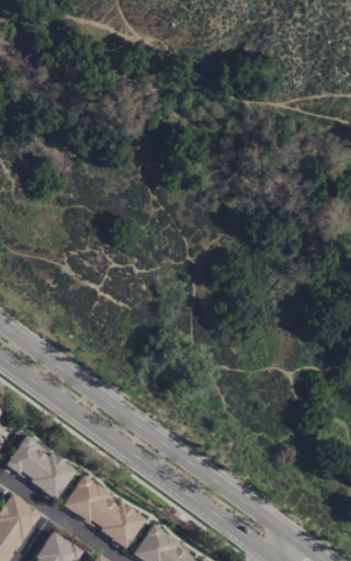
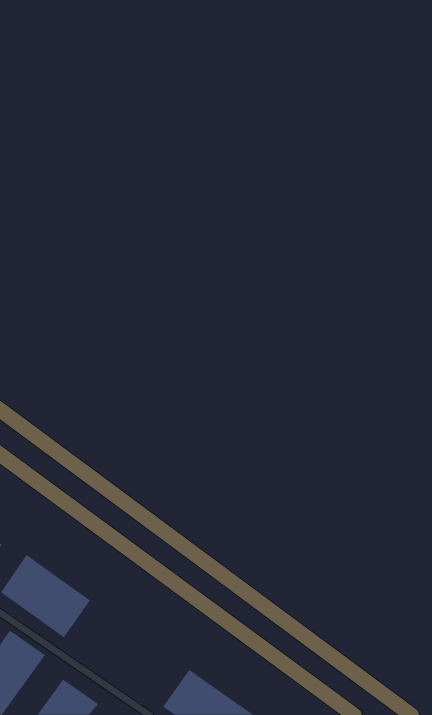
building: [64,476,146,549] -> none

